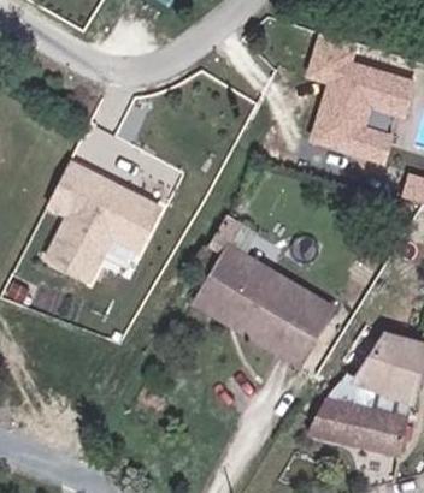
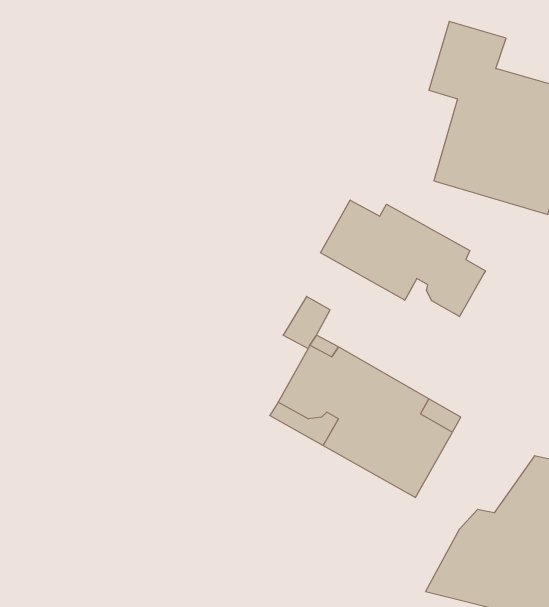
building: none -> [321,200,485,317]
building: [47,164,160,280] -> none

